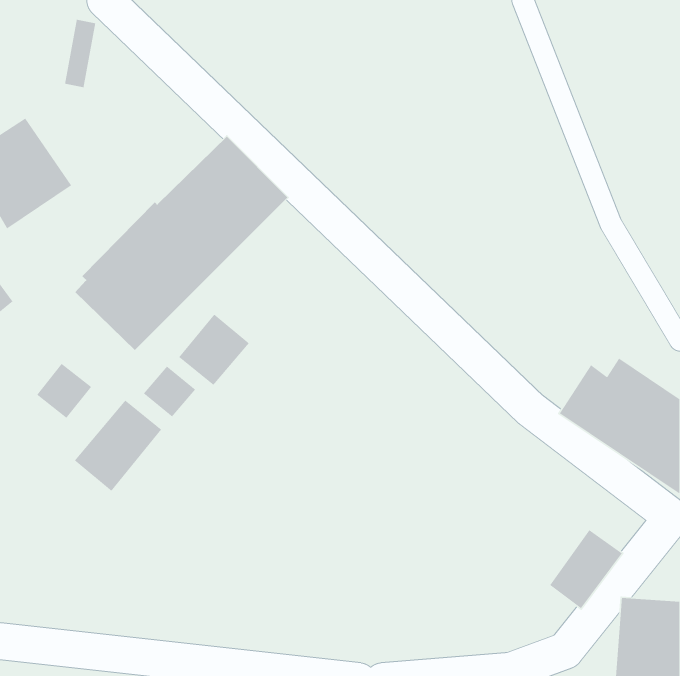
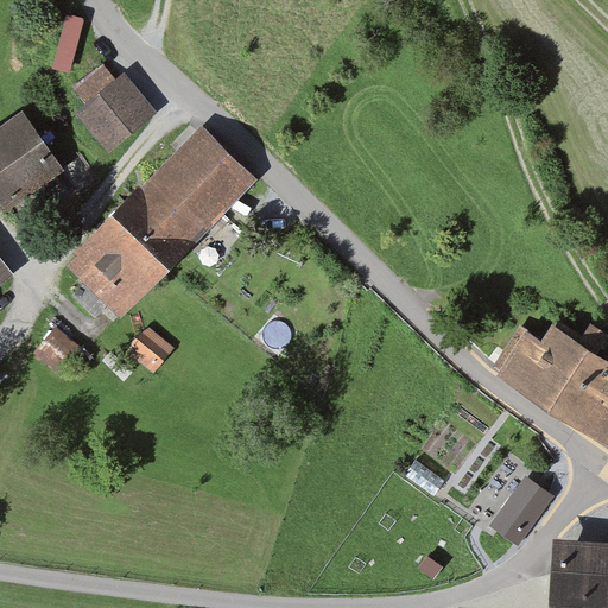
building: none -> [75,74,156,153]
building: [178,314,250,386] -> none
building: [74,400,162,492] -> none

